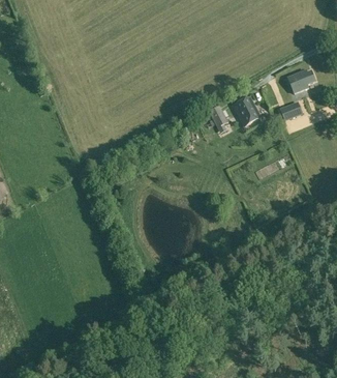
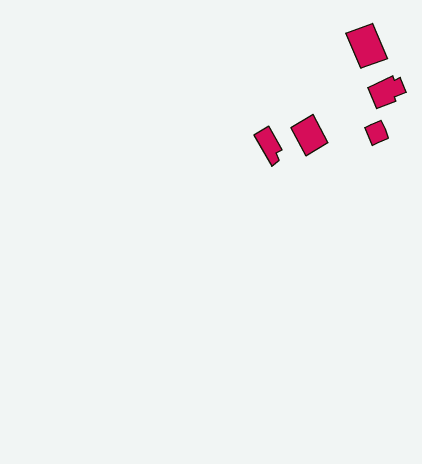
building: none -> [346,23,388,68]

